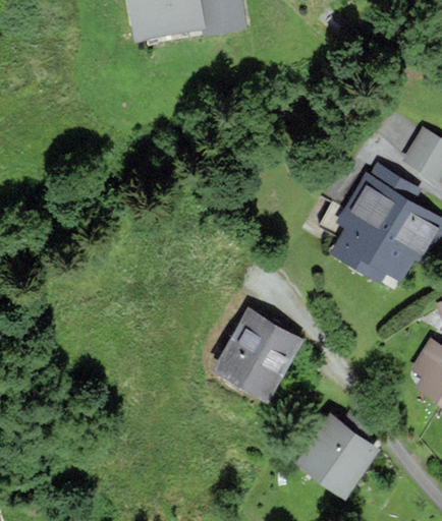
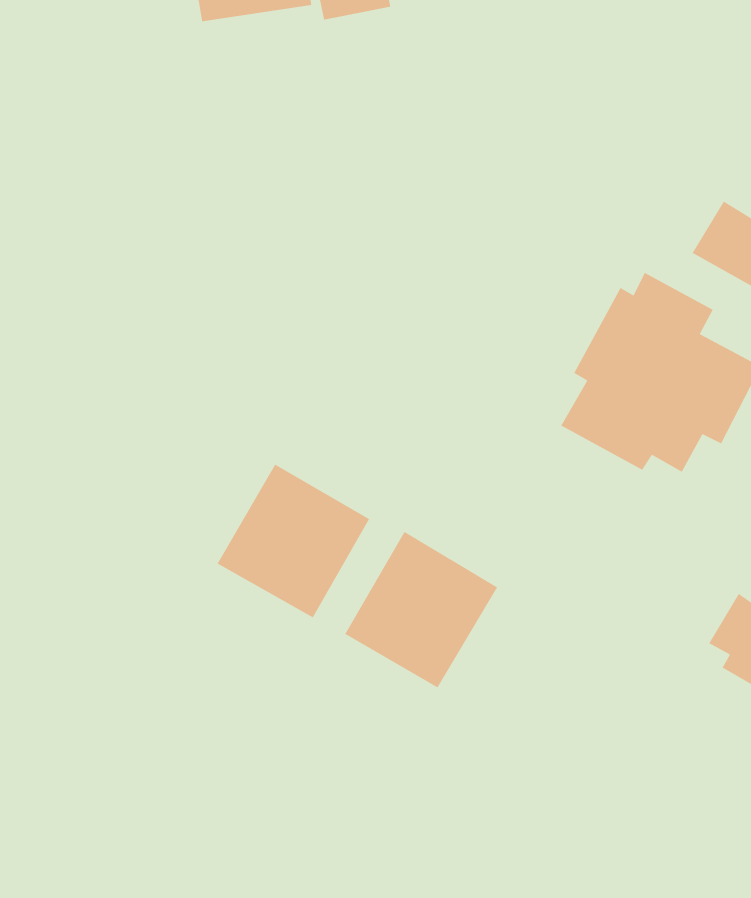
building: none -> [216,463,370,619]
building: [299,416,375,491] -> none

